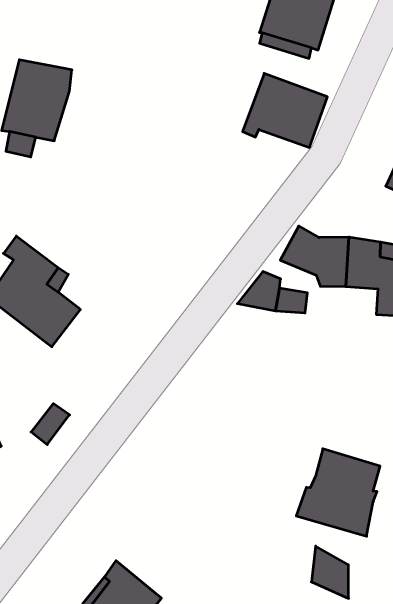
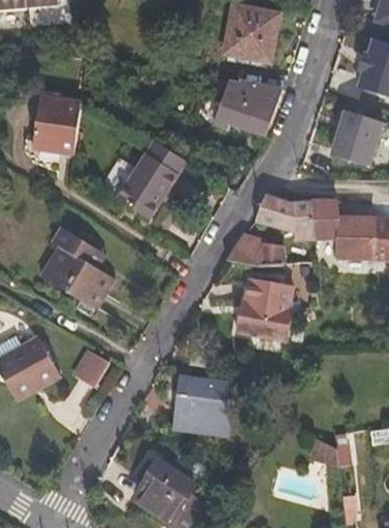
building: none -> [111,138,182,219]
building: [296,449,380,536] -> [231,275,291,338]
building: none -> [179,386,232,434]

